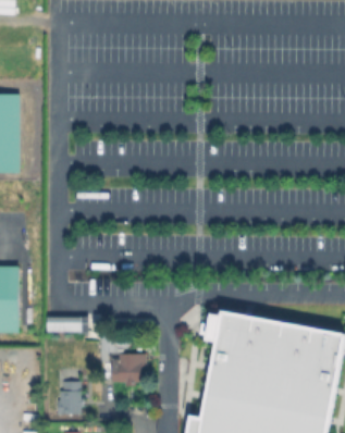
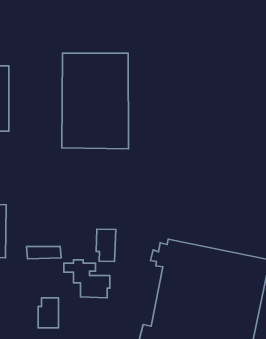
building: none -> [62,53,128,149]
building: none -> [96,229,116,262]

